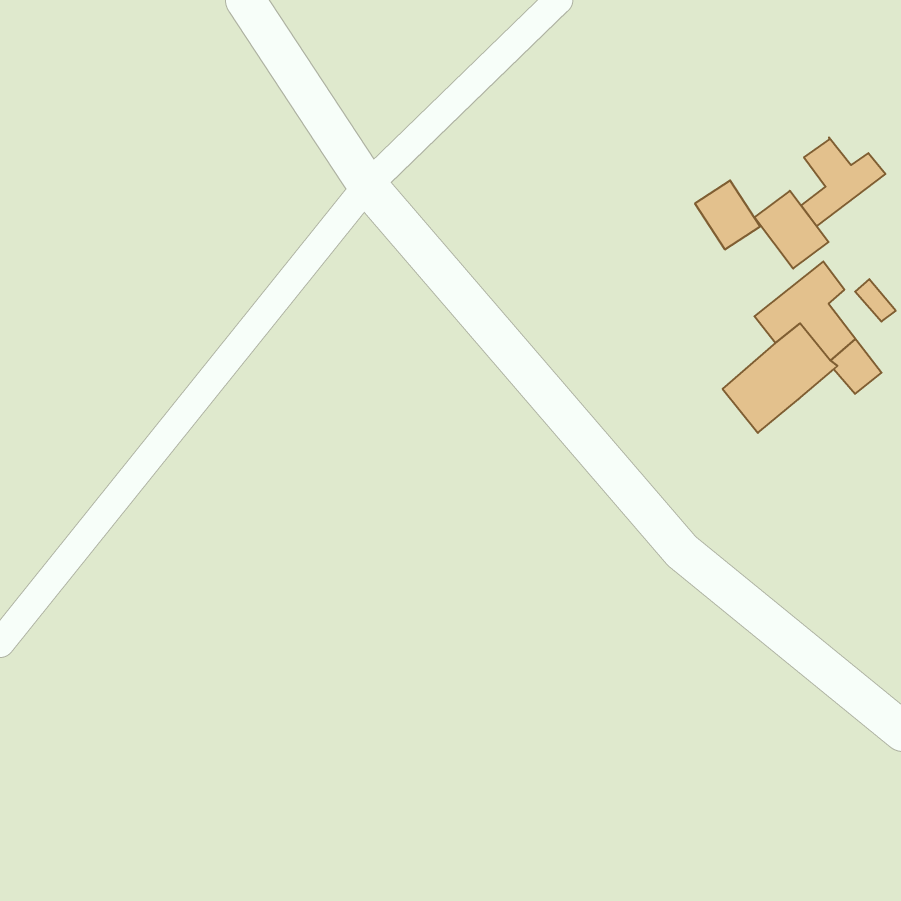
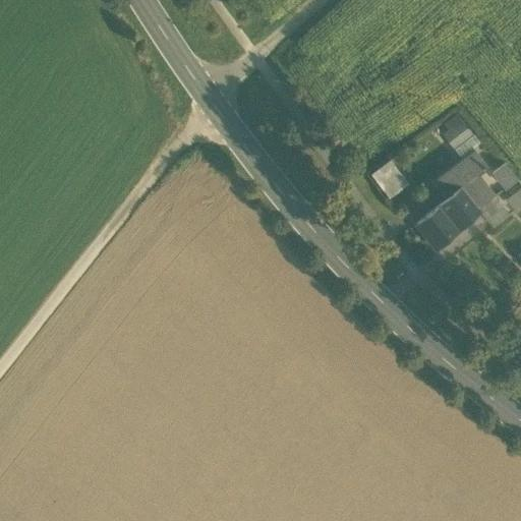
building: [801,137,885,226] -> none
building: [695,180,760,249] -> [368,158,406,197]

